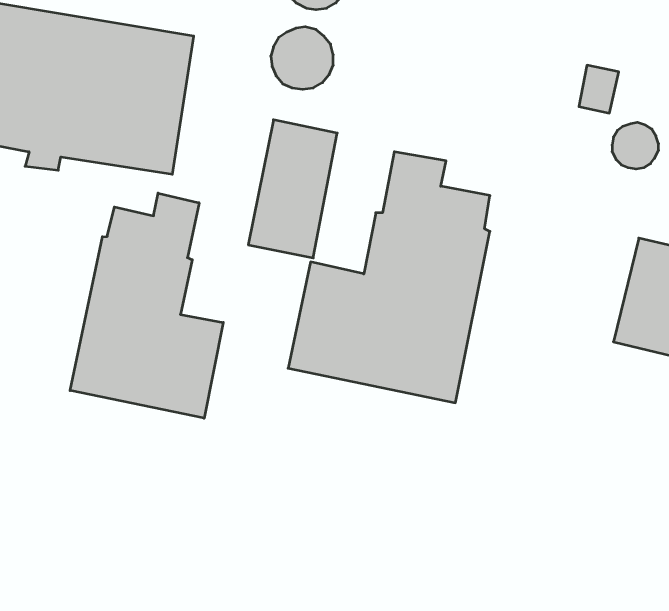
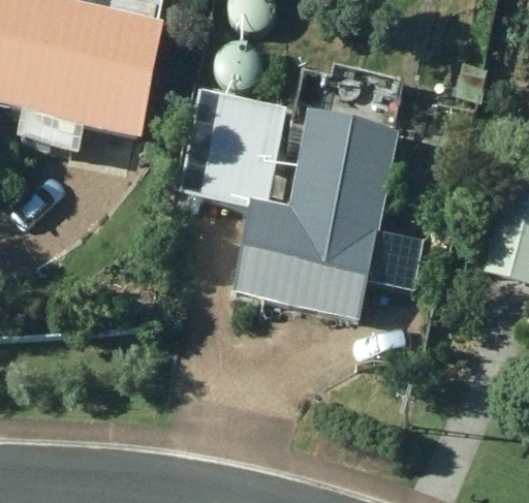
building: [70,193,223,418] -> none

